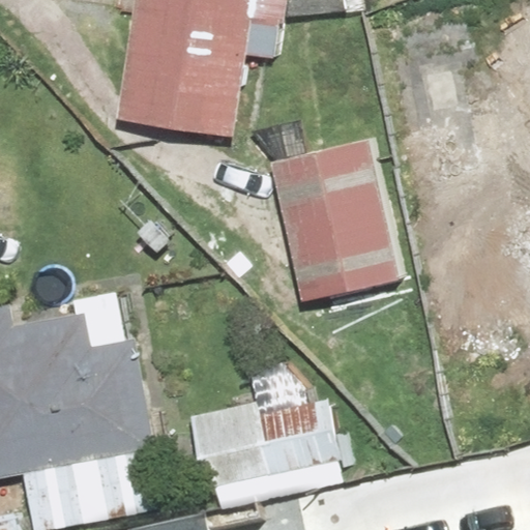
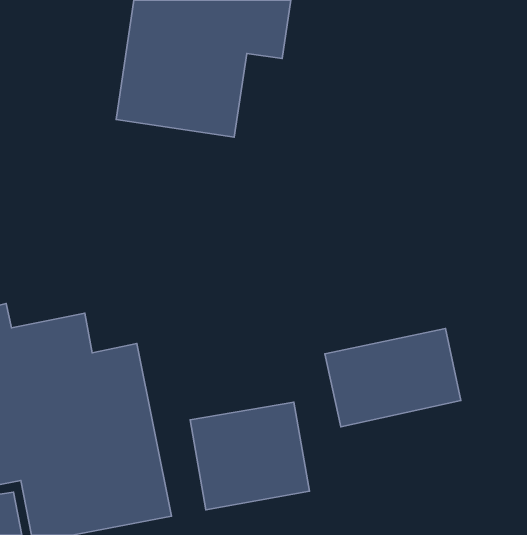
building: [269,140,402,304] -> none
building: none -> [325,328,461,427]

